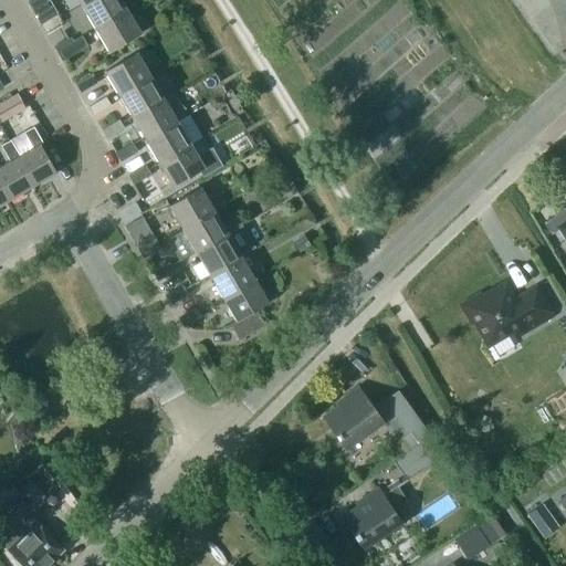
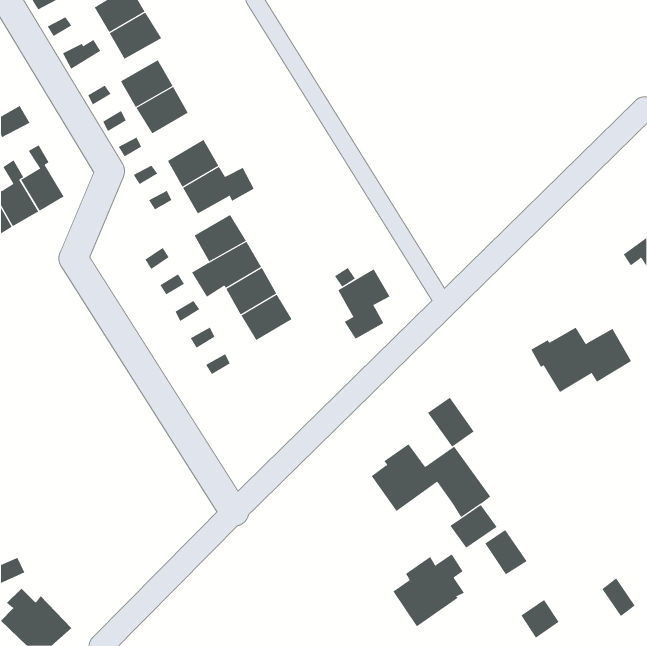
building: [133,94,187,140] -> none
building: [223,279,270,340] -> [337,269,391,340]
building: none -> [427,397,475,448]
building: none -> [485,529,527,575]

